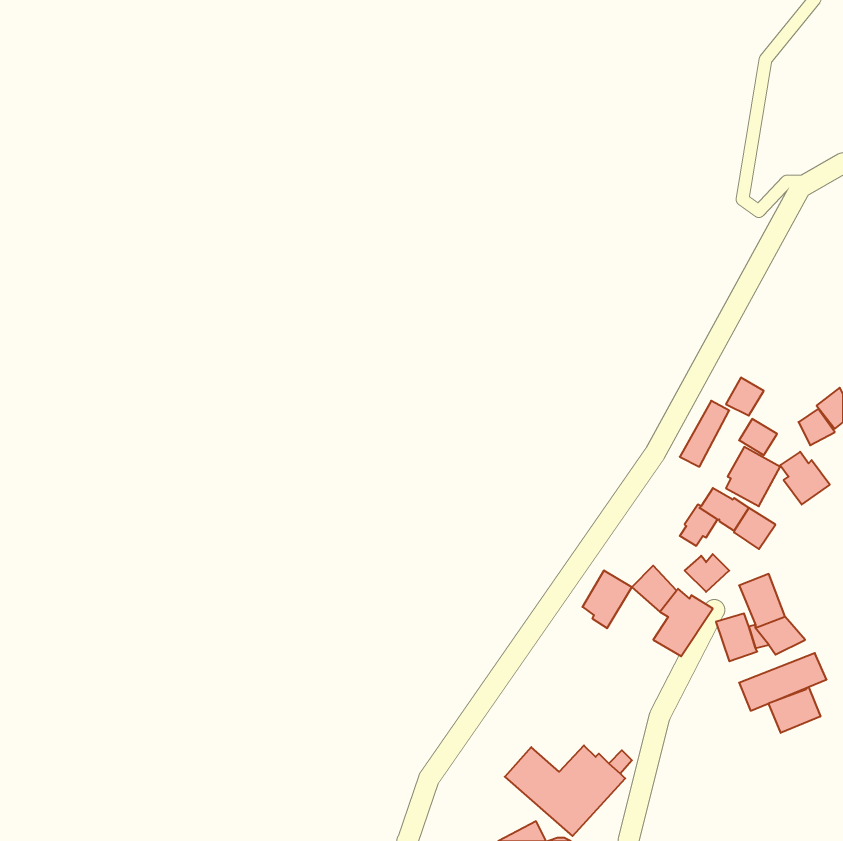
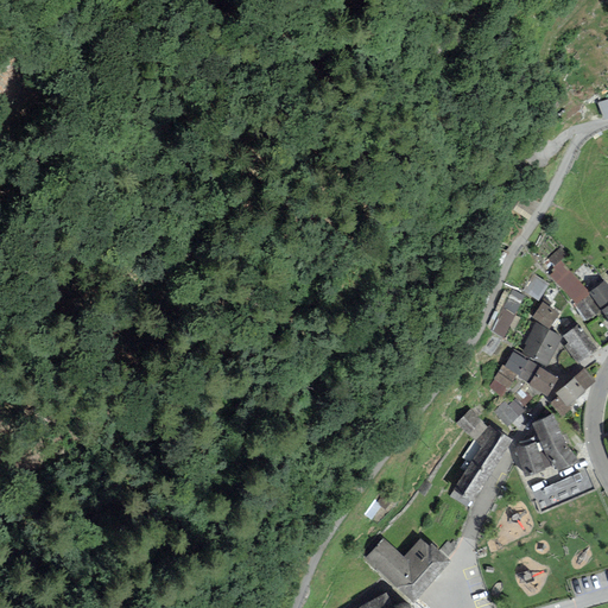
building: none -> [550,260,589,304]
building: none -> [550,367,595,416]
building: [582,571,632,628] -> [455,461,490,502]
building: [769,687,820,733] -> none

